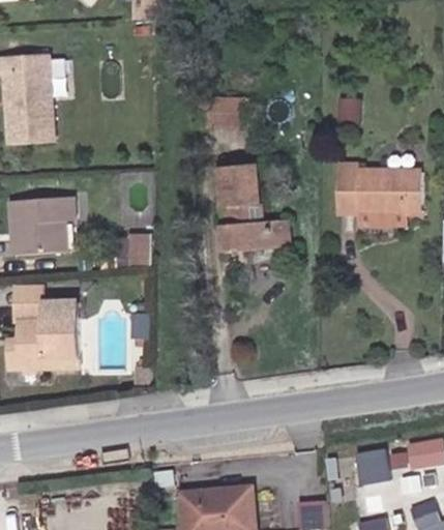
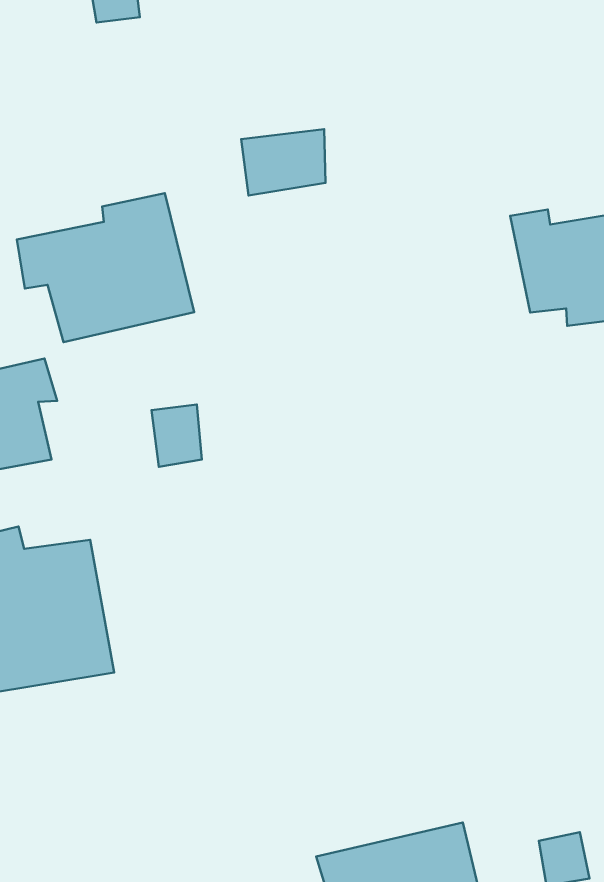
building: none -> [17,193,194,342]
building: [217,167,294,255] -> none

